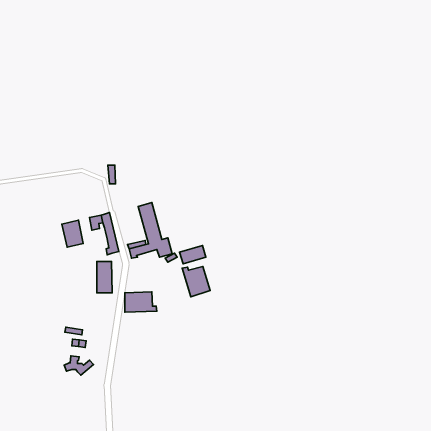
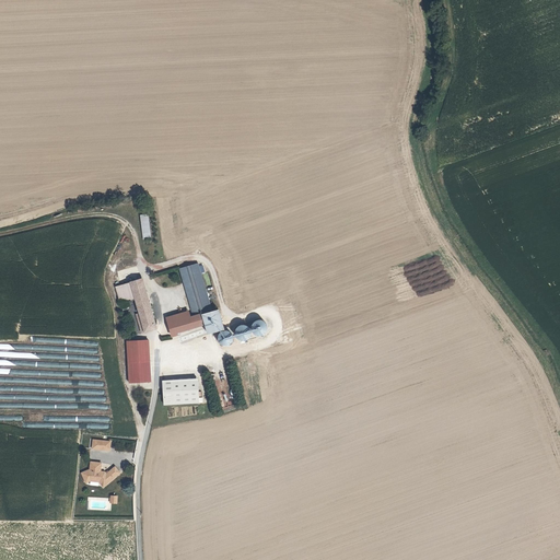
building: [62,220,83,247] -> none
building: [182,266,210,297] -> none

